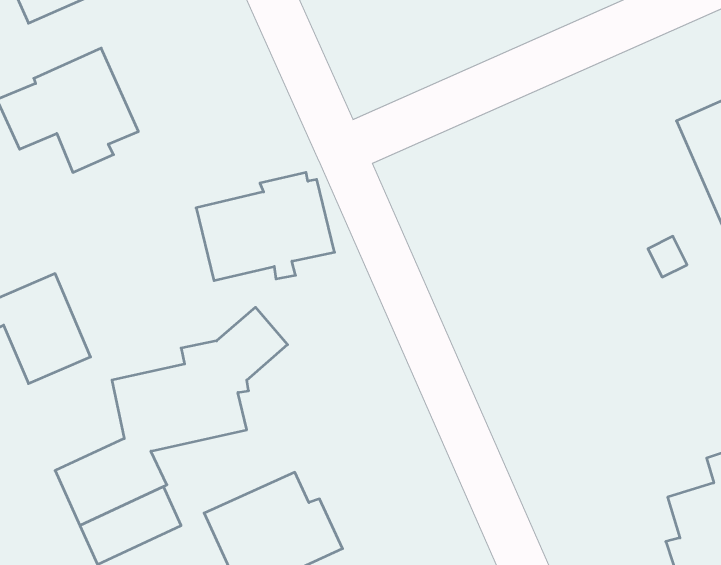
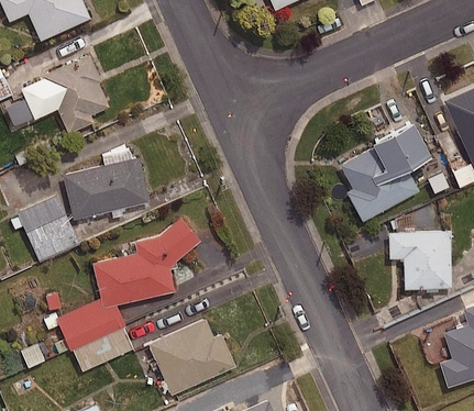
building: none -> [335,118,428,221]
building: [196,172,335,281] -> [64,152,150,219]
building: none -> [387,231,451,291]

